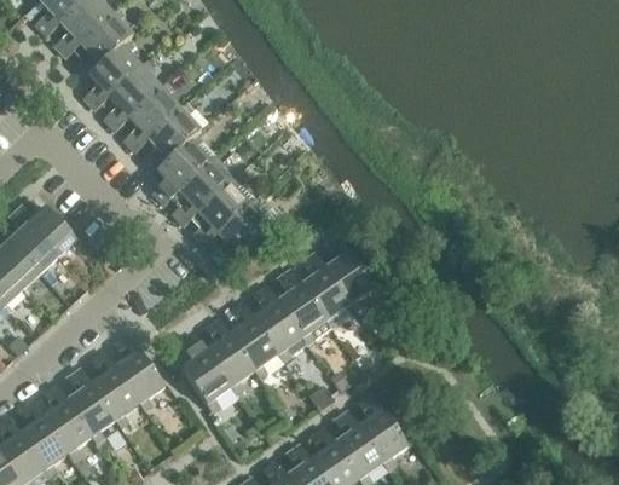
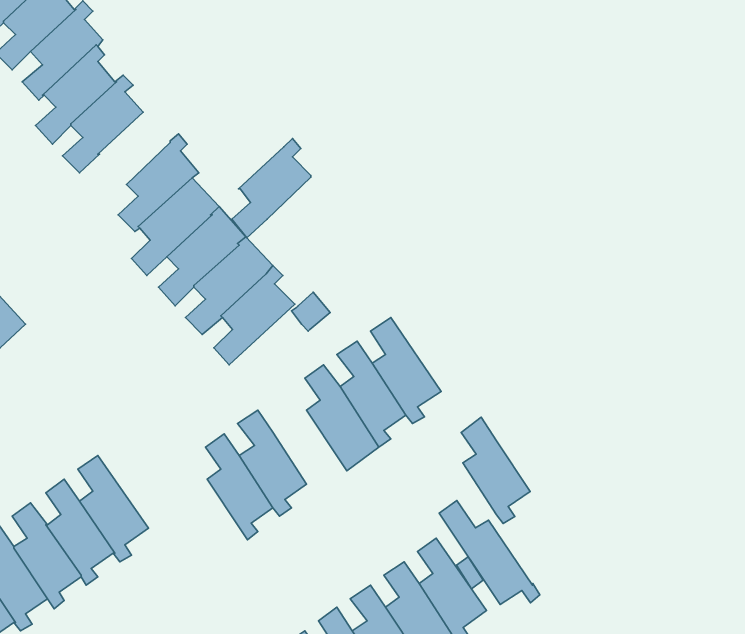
building: [122,82,179,154] -> [232,138,311,238]
building: [251,285,301,362] -> [461,417,530,523]
building: [180,335,230,412] -> none
building: none -> [439,500,540,605]

